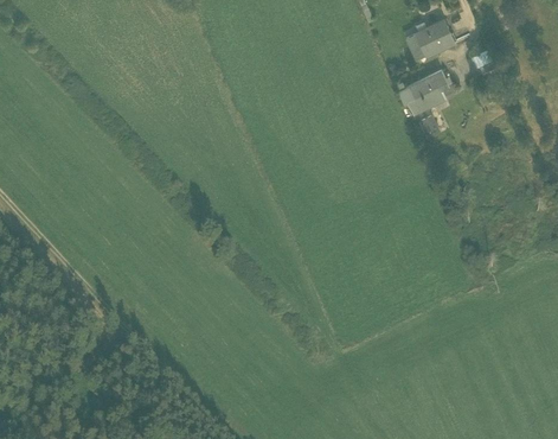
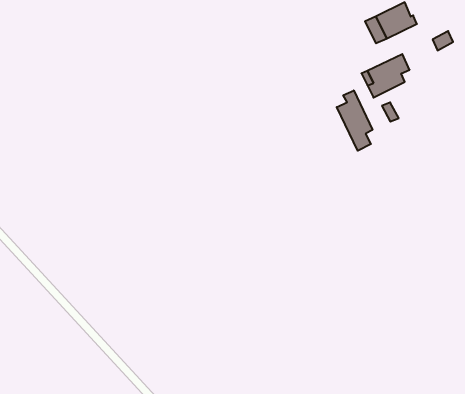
building: none -> [337,90,372,151]

